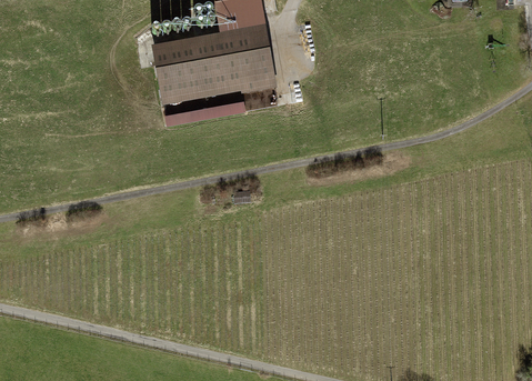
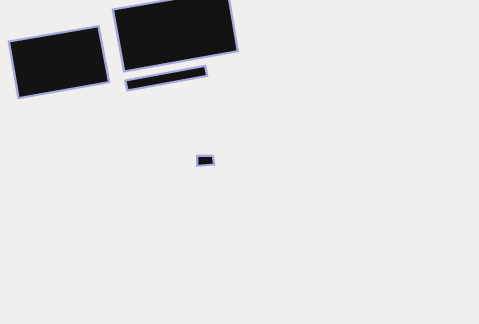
building: none -> [9,26,109,98]

